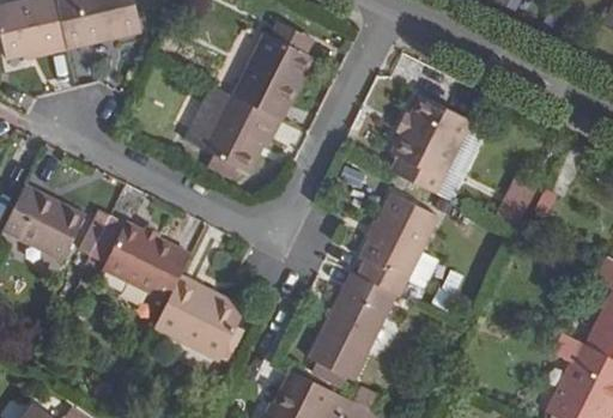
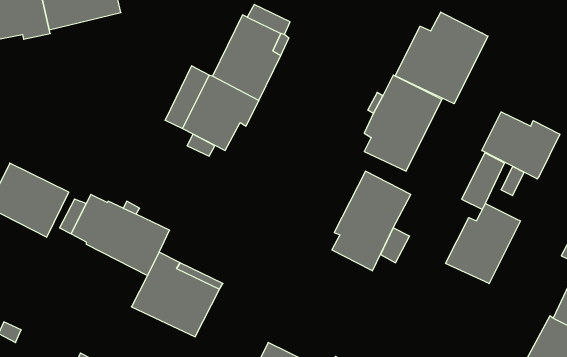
building: none -> [395,12,488,104]
building: none -> [482,112,560,179]
building: none -> [446,203,520,284]
building: [311,273,397,380] -> none

